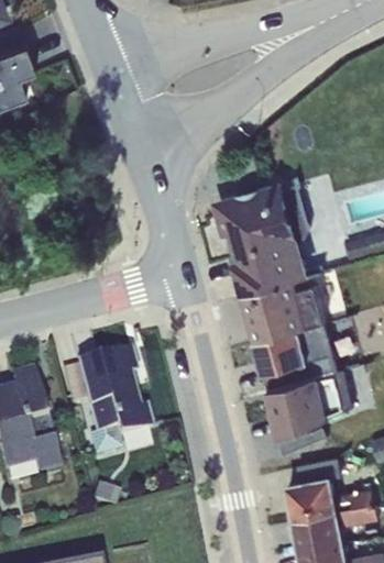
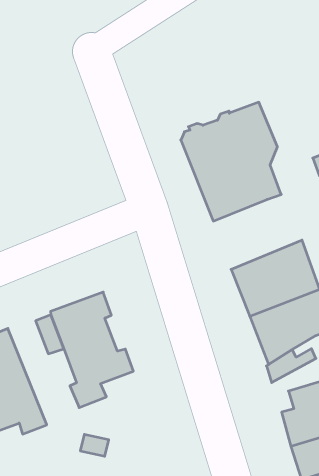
building: [241,276,325,340] -> none

